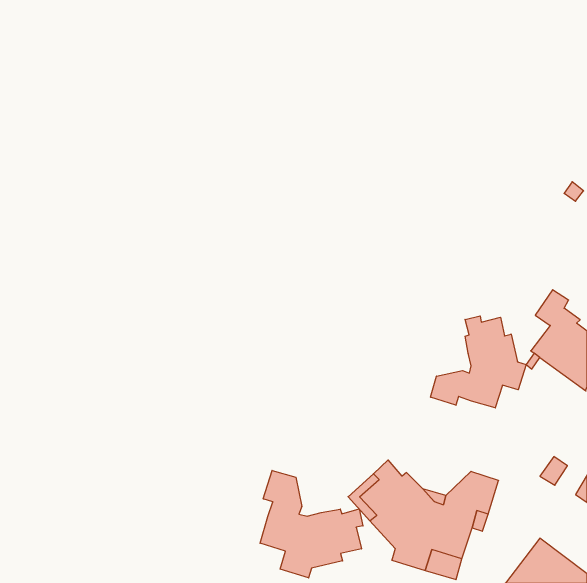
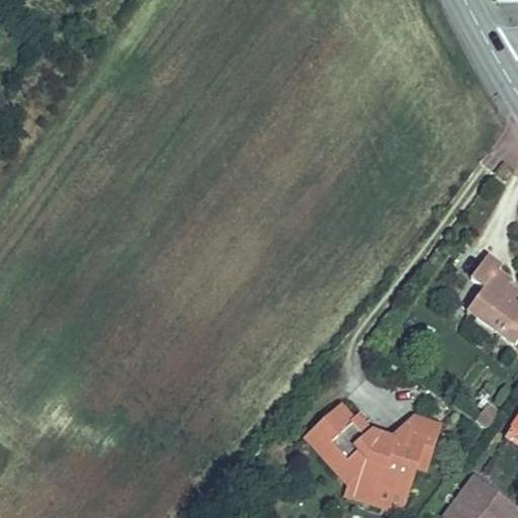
building: [431,316,526,408] -> none
building: [260,470,363,578] -> none

